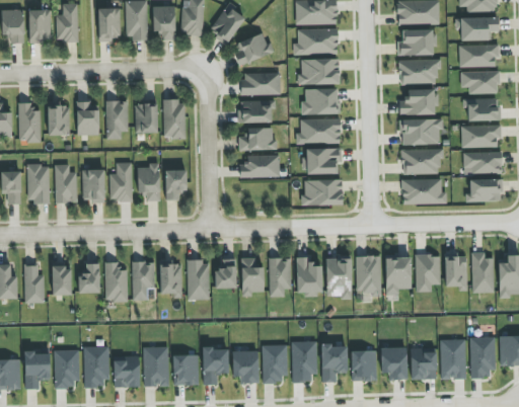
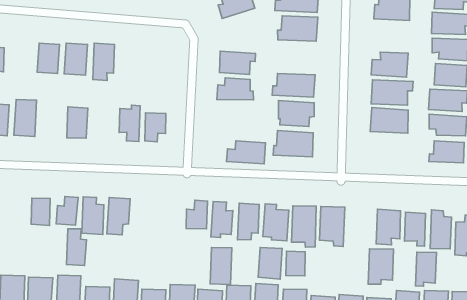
building: [399,60,438,84] -> none
building: [241,72,280,94] -> none
building: [301,88,339,114] -> none
building: [134,100,156,133] -> none
building: [162,100,184,139] -> none
building: [18,102,41,142] -> none
building: [239,155,279,177] -> [227,141,265,164]
building: [109,162,132,200] -> none
building: [55,164,77,202] -> none
building: [401,178,446,205] -> none
building: [384,256,411,295] -> [368,249,394,284]
building: [187,260,209,300] -> [210,247,232,284]
building: [159,262,181,298] -> none
building: [23,264,44,303] -> [66,229,86,266]
building: none -> [416,252,437,286]
building: none -> [258,248,282,279]
building: none -> [286,251,305,276]

